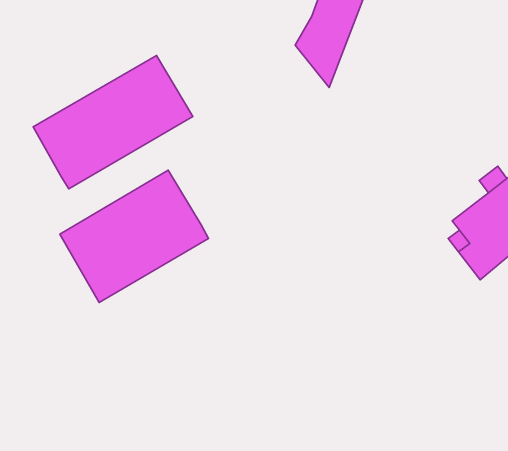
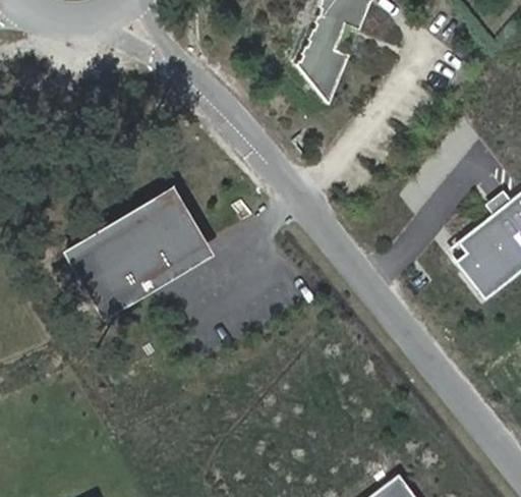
building: [33,55,193,189] -> none

